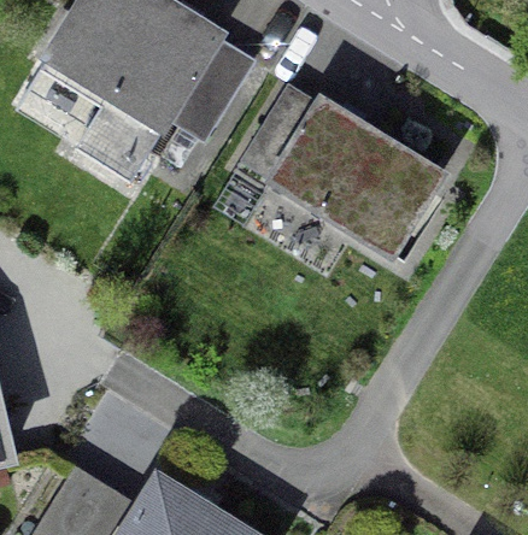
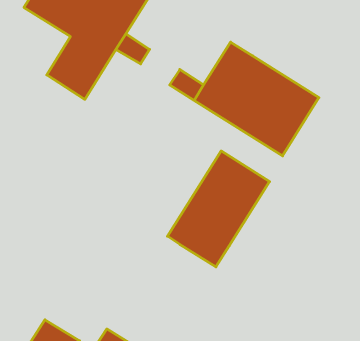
building: none -> [167,151,270,267]

